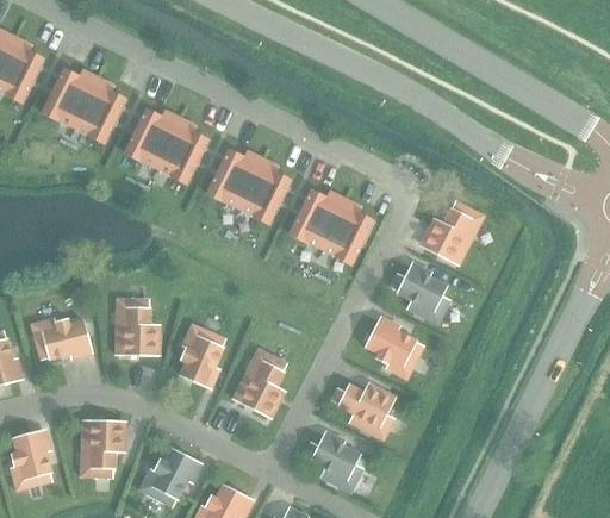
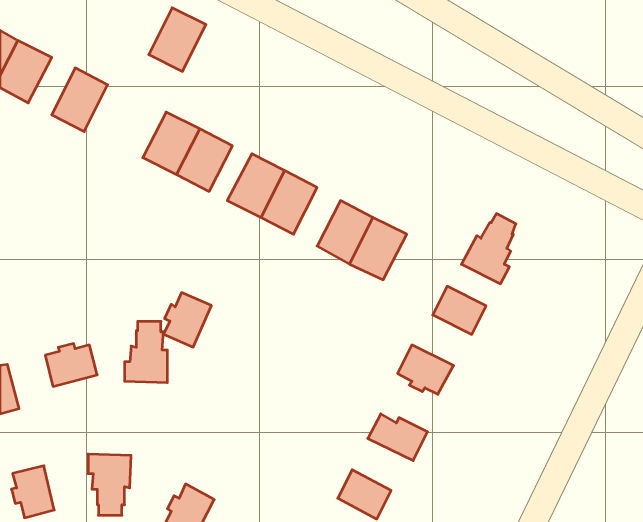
building: [77,82,130,141] -> [149,8,206,71]
building: [179,336,223,386] -> [163,293,211,347]
building: [231,354,286,416] -> none

